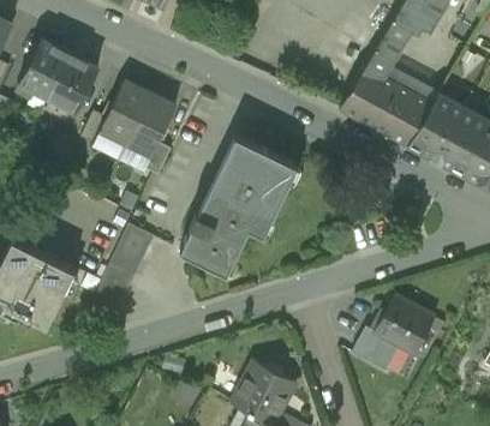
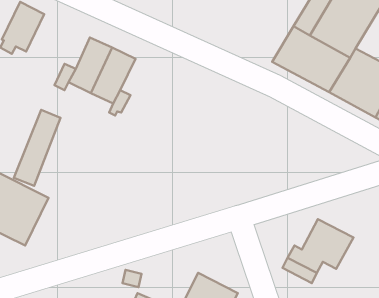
building: [48,52,98,110] -> none
building: [180,134,298,272] -> none
building: [95,221,150,311] -> [14,110,60,186]

